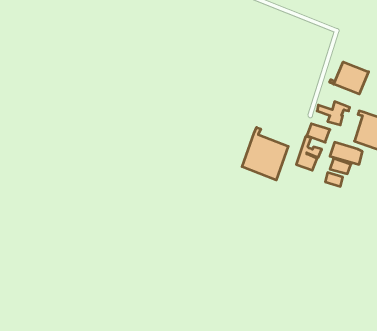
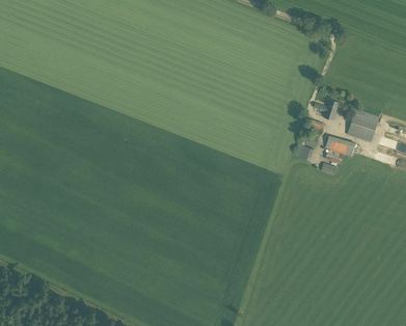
building: [330,62,369,94] -> none
building: [242,127,288,180] -> none

